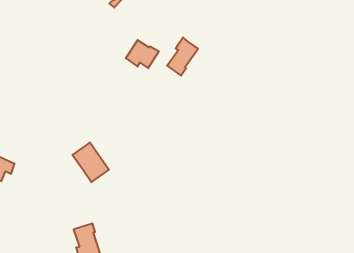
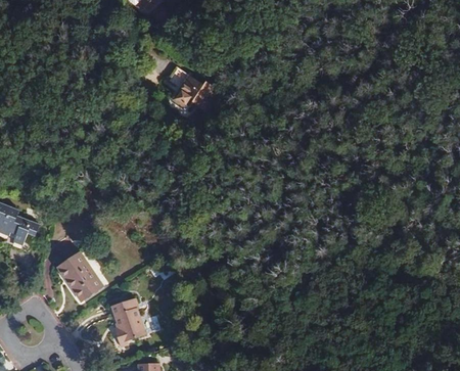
building: [167,37,198,76] -> none
building: [72,142,109,182] -> [57,251,102,300]

